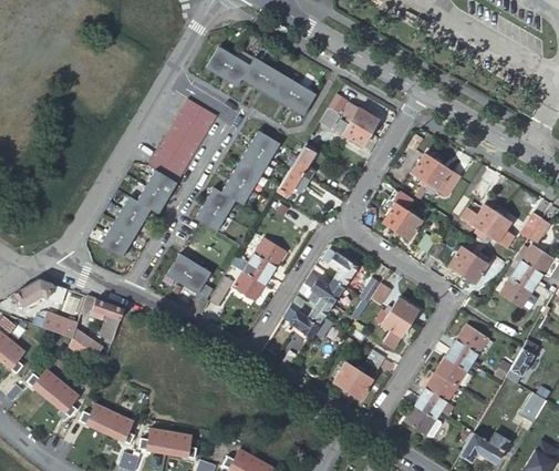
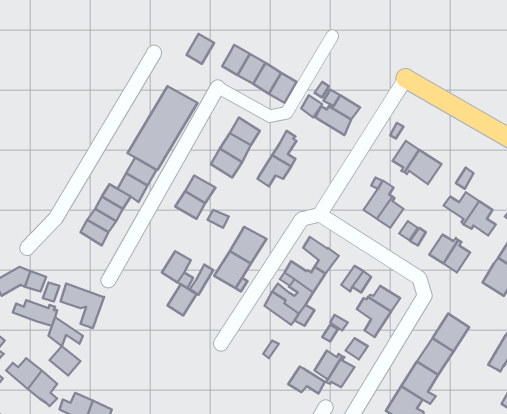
building: [221,55,249,86] -> none
building: [221,176,251,205] -> none
building: [166,253,195,284] -> [167,284,196,315]
building: none -> [49,346,80,376]
building: none -> [288,366,325,393]

